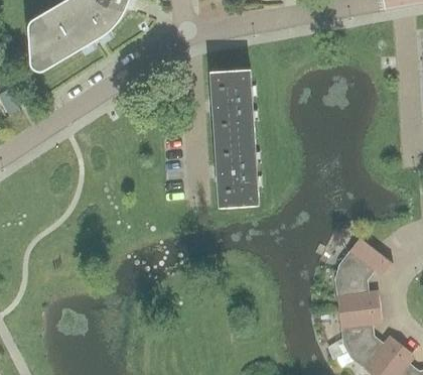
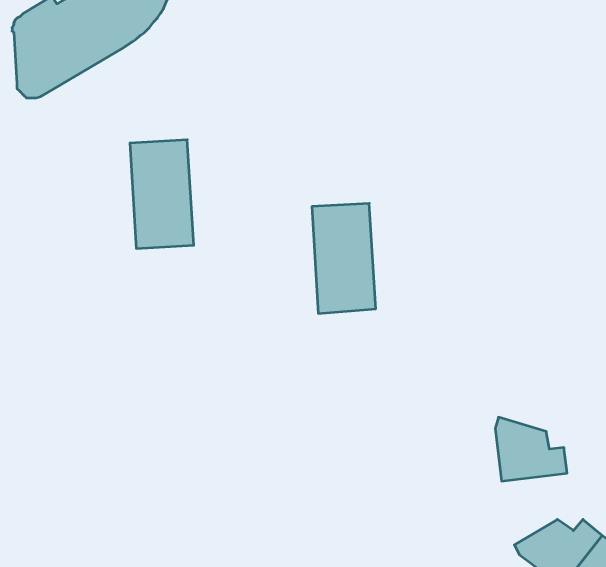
building: [214,70,254,138] -> [130,140,194,248]
building: [335,237,391,280] -> none
building: [337,306,381,352] -> none

